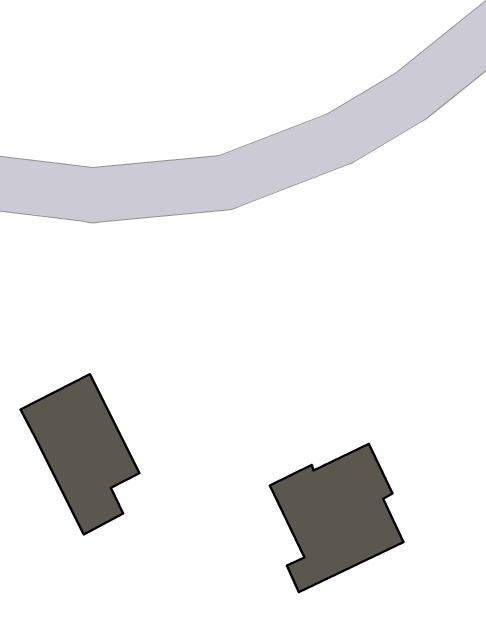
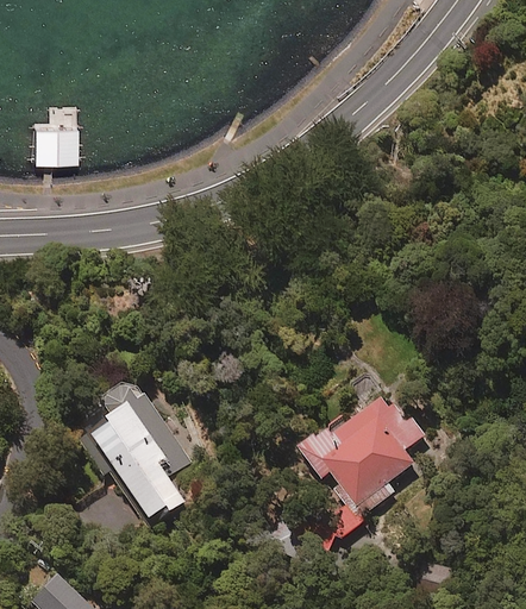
building: none -> [30,118,76,162]

